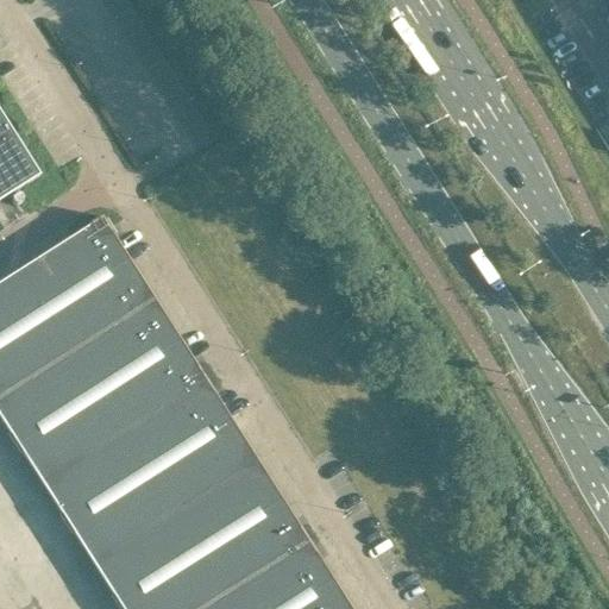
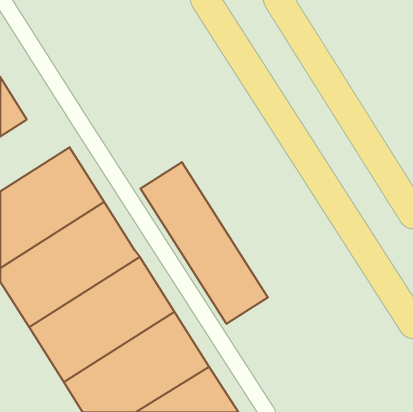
building: none -> [141,162,268,324]

